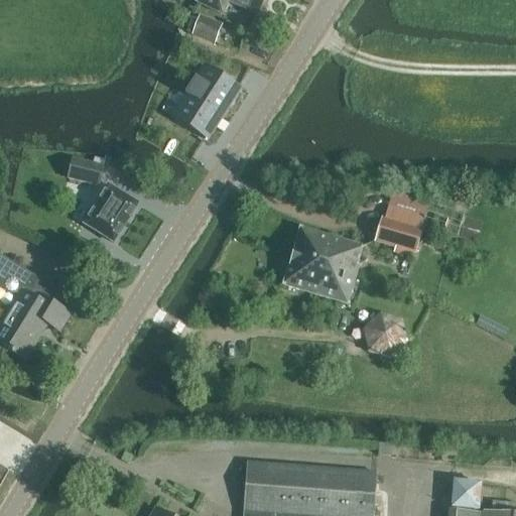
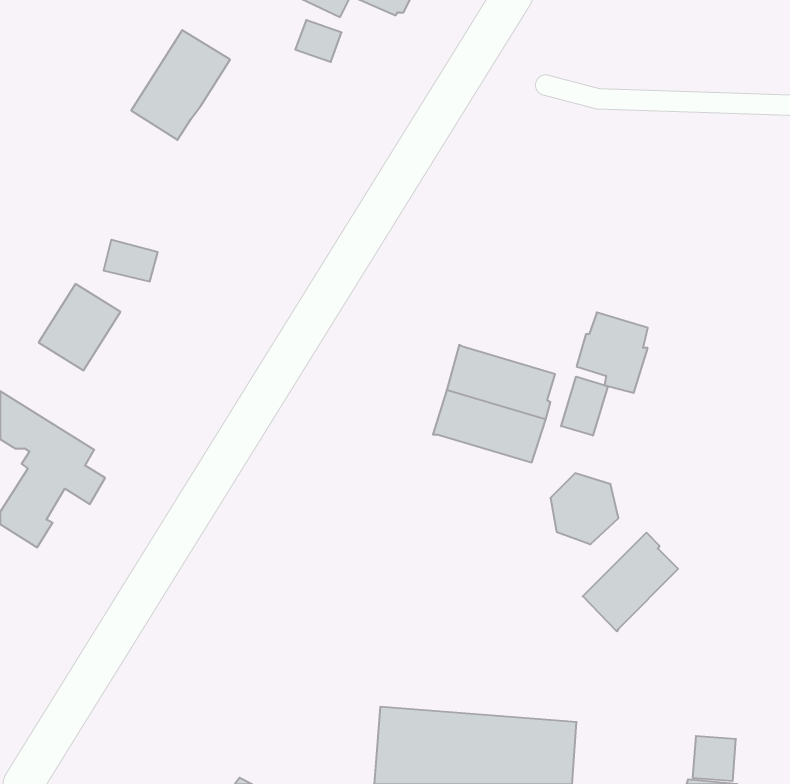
building: [174,64,239,136] -> [131,30,230,140]
building: [85,183,138,240] -> [39,284,120,370]
building: none -> [561,377,608,436]
building: none -> [583,533,678,631]

